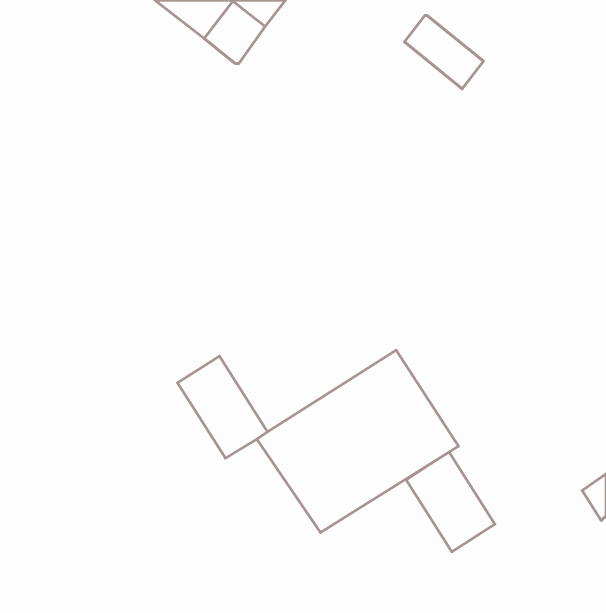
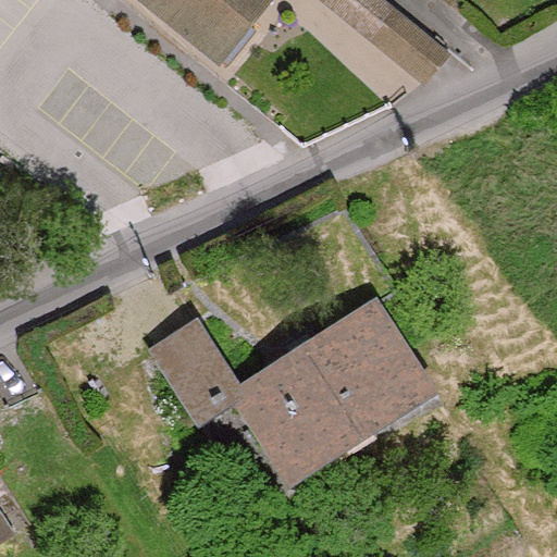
building: [406,452,495,552] -> none

